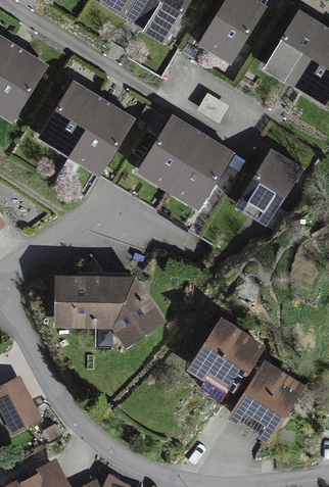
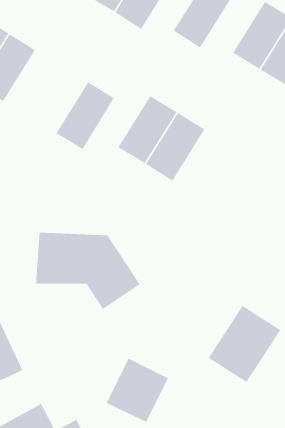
building: [38,82,104,157] -> none
building: [236,150,302,226] -> none
building: [193,321,263,392] -> [106,358,169,422]

